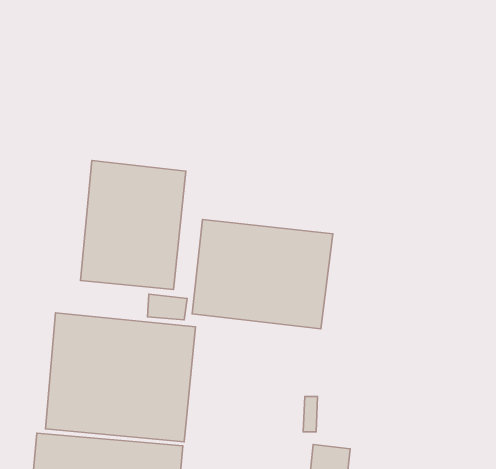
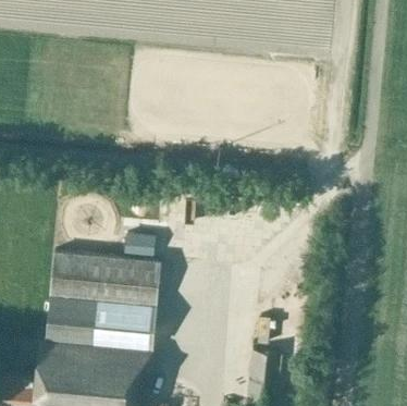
building: [80,161,186,290] -> none
building: [192,220,333,329] -> none

